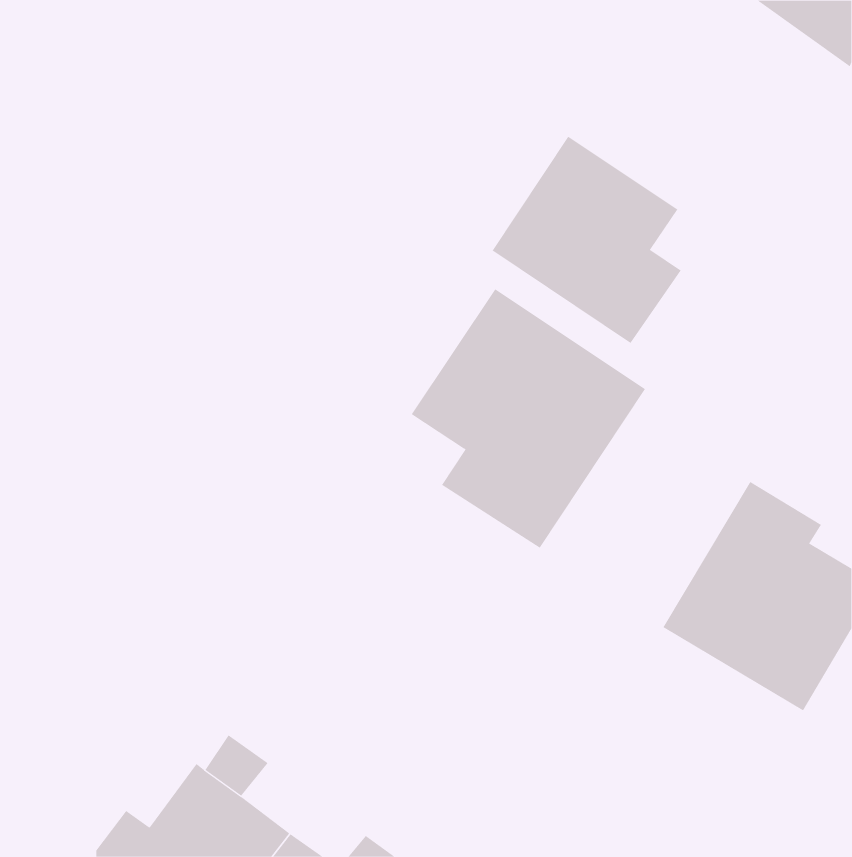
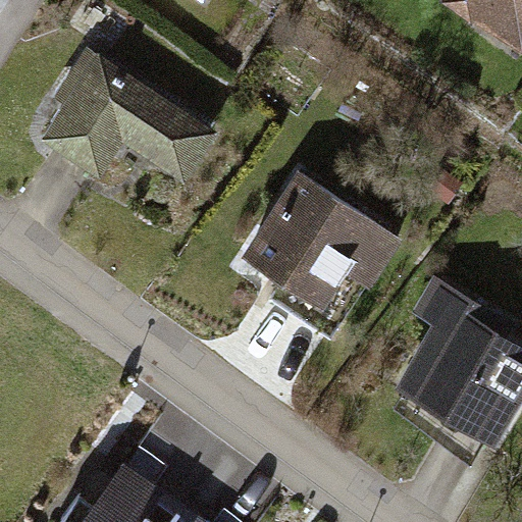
building: none -> [48,51,206,170]
building: [492,136,682,344] -> none

